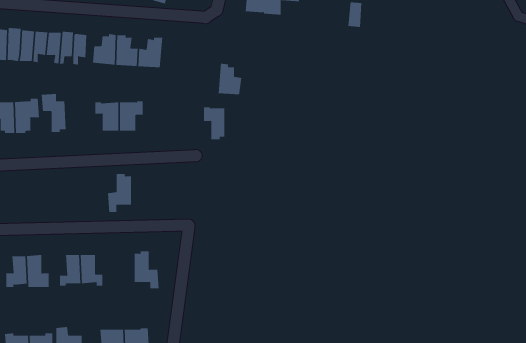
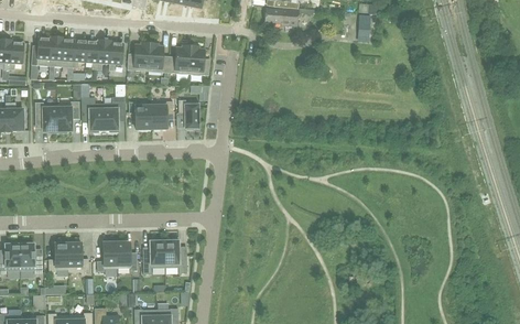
building: [218,63,242,95] -> [188,44,210,73]
building: none -> [102,95,126,130]
building: [203,107,225,140] -> [178,98,198,128]
building: [107,173,132,213] -> [142,237,164,272]

